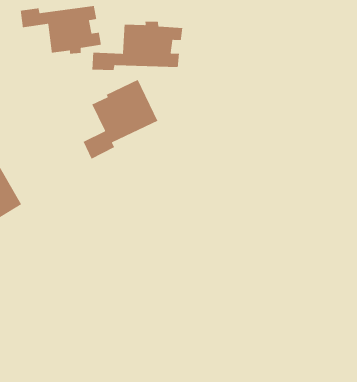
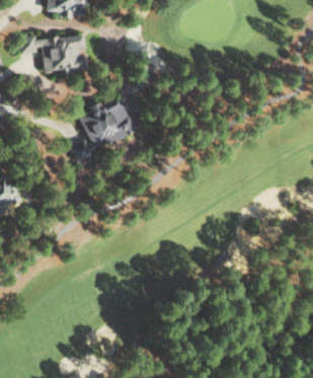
building: [92,21,183,71] -> none

